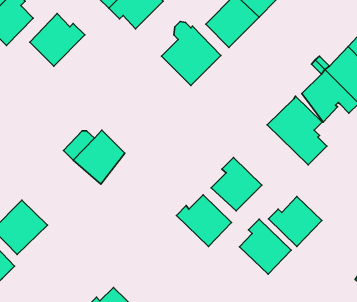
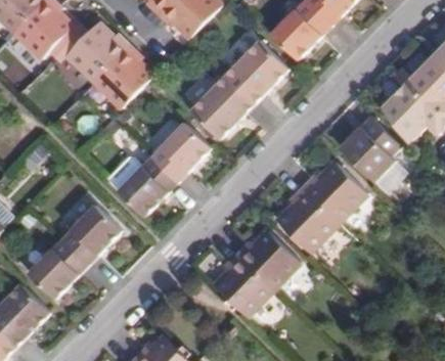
building: none -> [95,46,153,107]
building: none -> [184,71,253,140]
building: none -> [150,122,211,182]
building: none -> [58,202,121,265]
building: [268,197,322,246] -> [302,162,363,219]
building: [240,219,291,274] -> [214,254,273,317]

